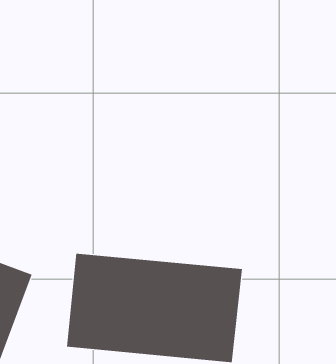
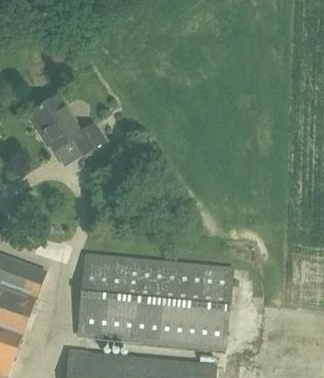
building: none -> [30,94,104,153]

